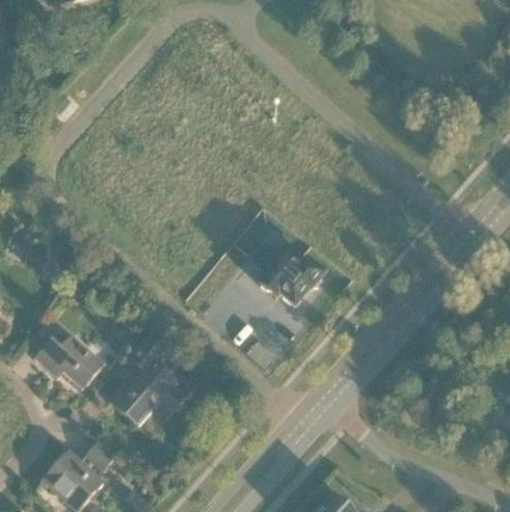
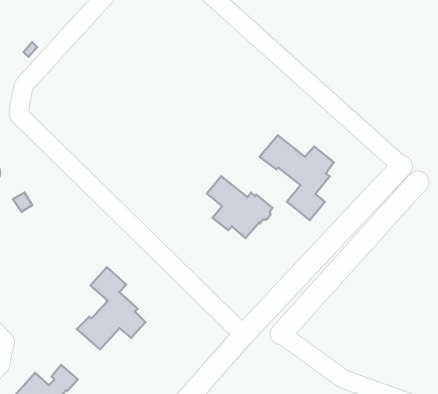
building: none -> [260,135,334,220]
building: [35,330,105,387] -> none

